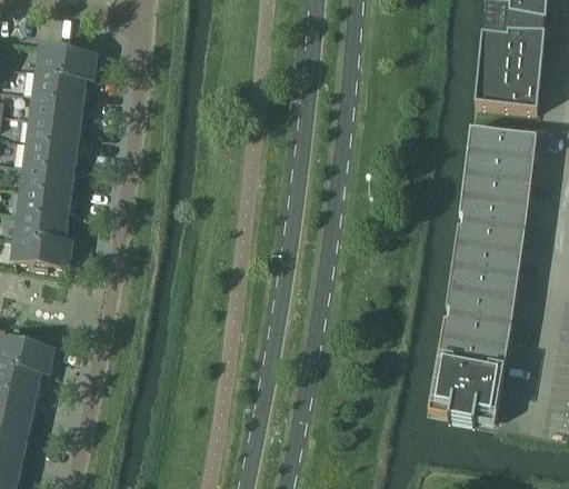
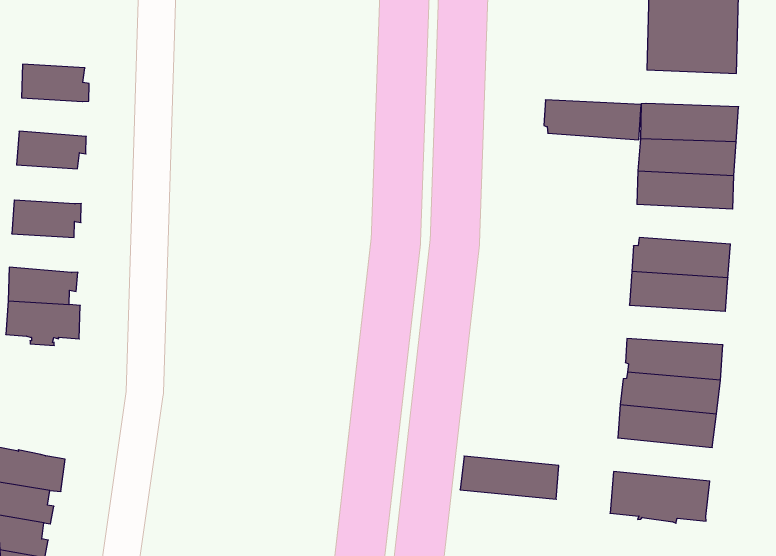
building: [39,44,93,74] -> none
building: [33,91,82,121] -> none
building: [27,138,77,168] -> none
building: [20,186,71,216] -> none
building: [459,194,528,227] -> [544,100,641,140]
building: [448,265,518,297] -> none
building: [432,357,502,391] -> [460,456,559,499]

